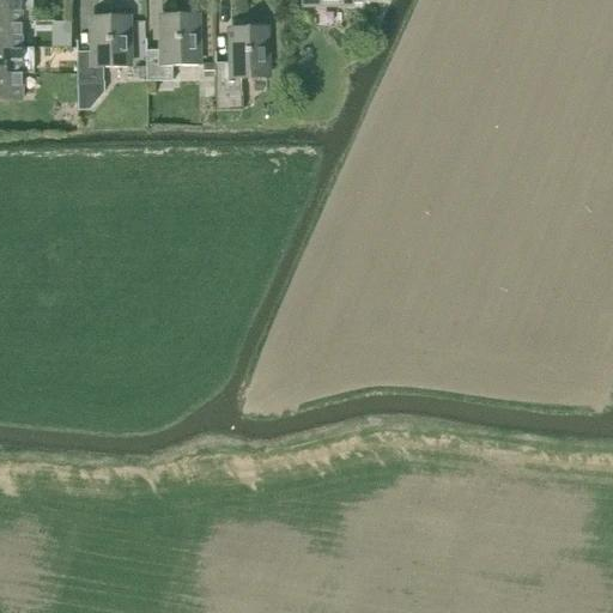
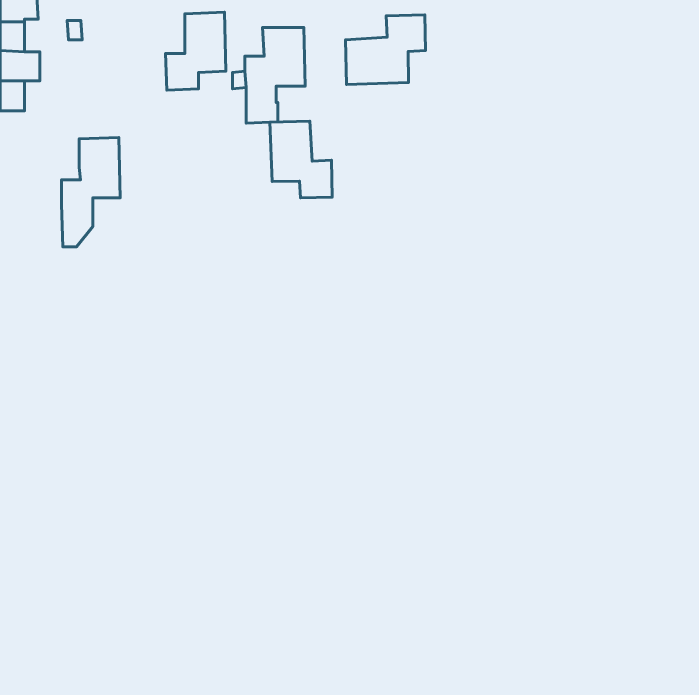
building: [77,12,128,108] -> [61,138,120,247]
building: none -> [346,15,425,85]
building: none -> [270,121,332,198]

